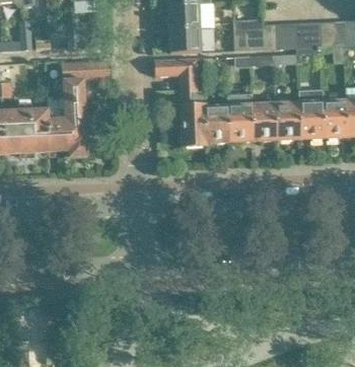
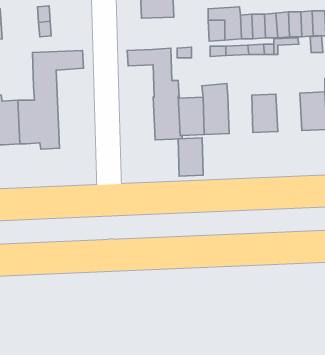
building: [168,27,201,53] -> none
building: [299,89,325,139] -> none
building: [253,103,277,141] -> [178,138,203,176]

